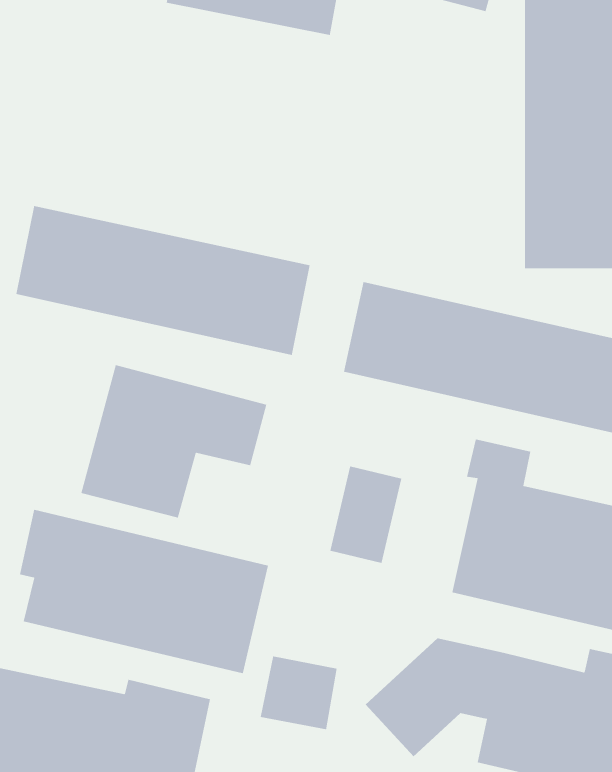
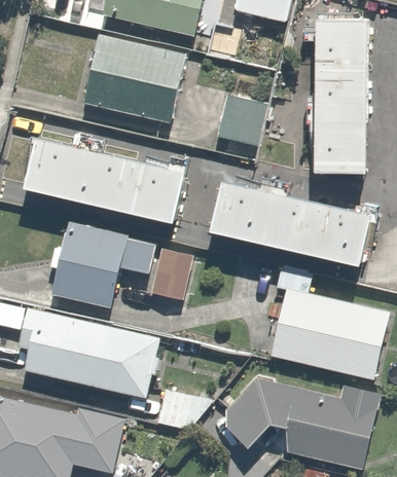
building: none -> [86,42,186,129]
building: none -> [214,91,266,151]
building: [330,466,402,563] -> [151,246,192,301]

